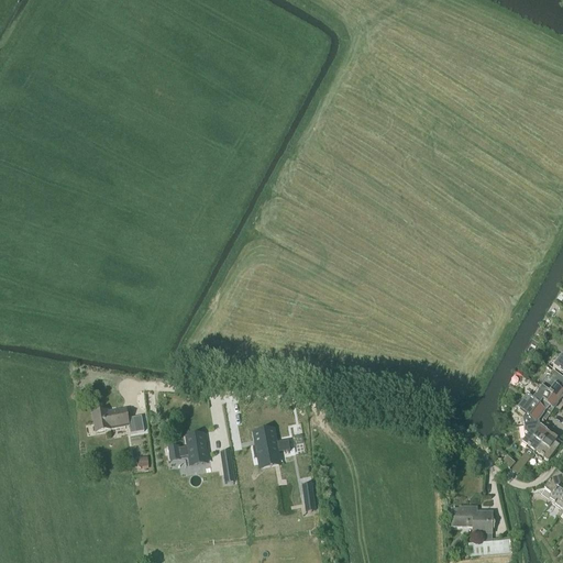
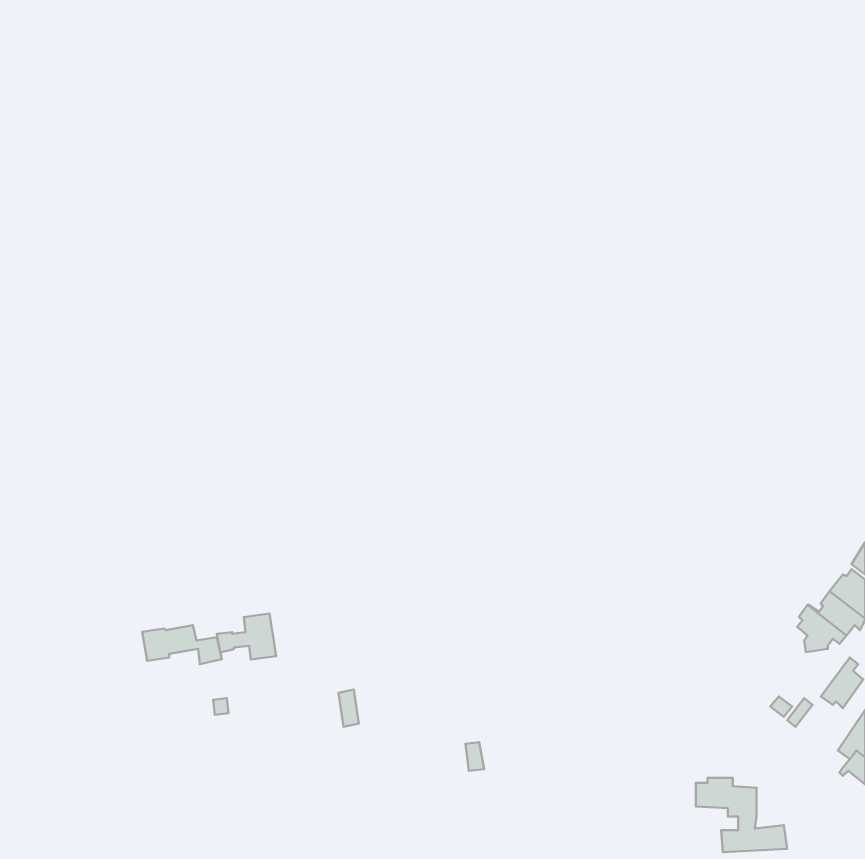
building: [521,421,552,452] -> none
building: [253,427,290,465] -> none
building: [168,432,207,462] -> [217,614,276,659]

